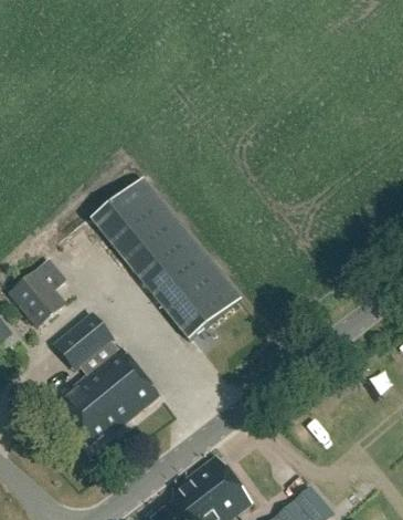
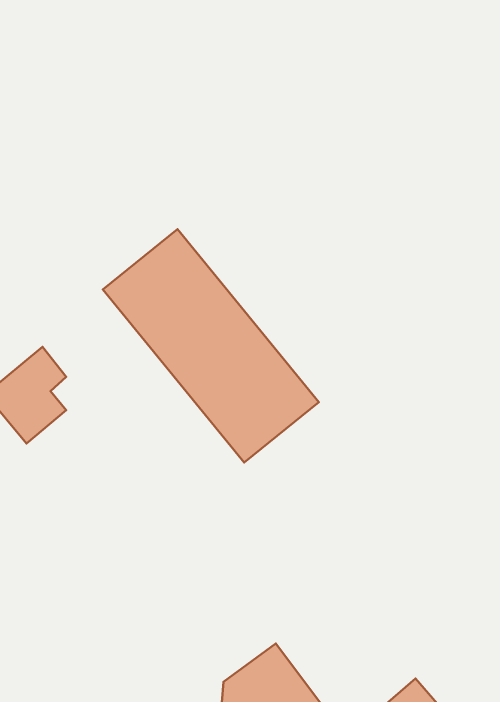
building: [60,312,114,364] -> none
building: [59,346,159,441] -> none

